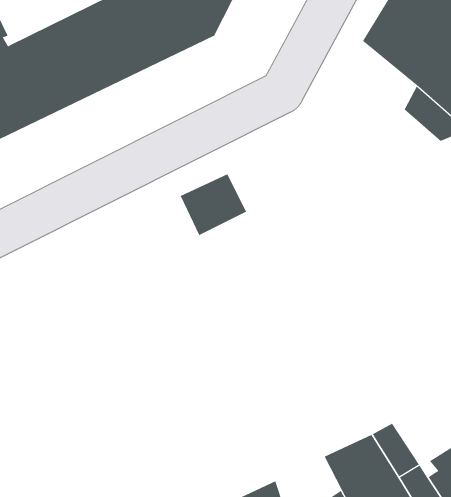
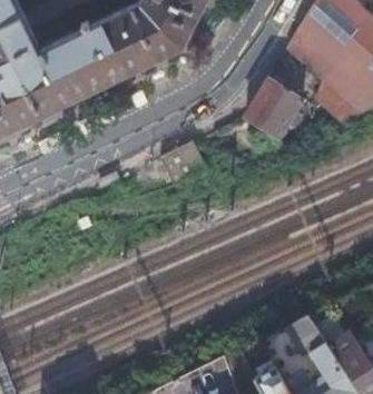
building: none -> [245,78,302,136]

